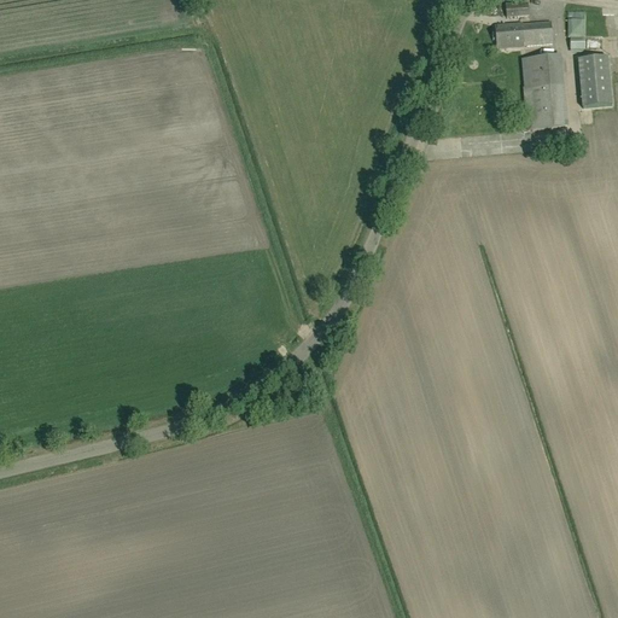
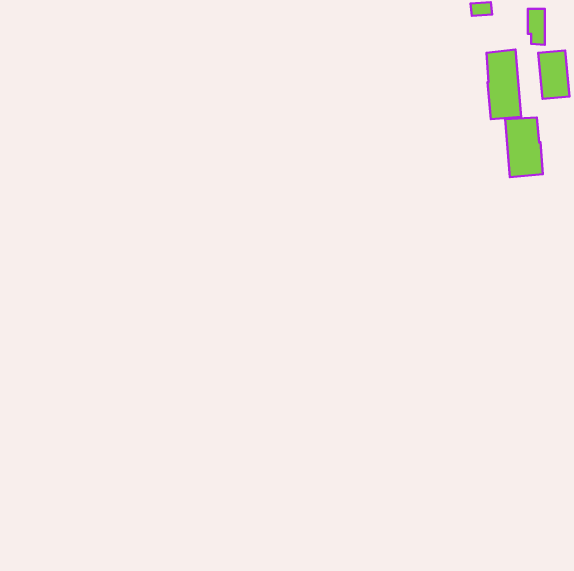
building: [495,19,553,47] -> none
building: none -> [505,117,543,177]

